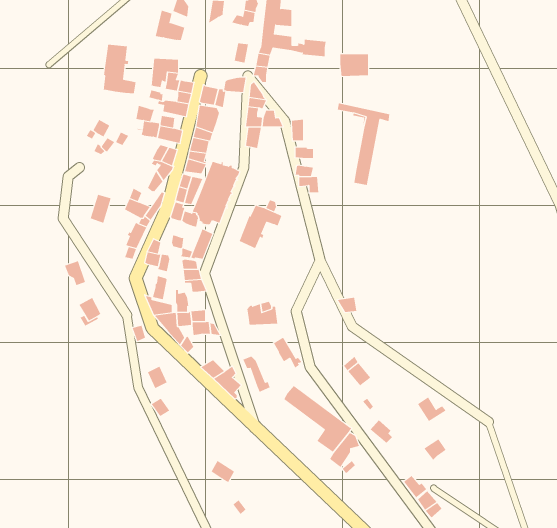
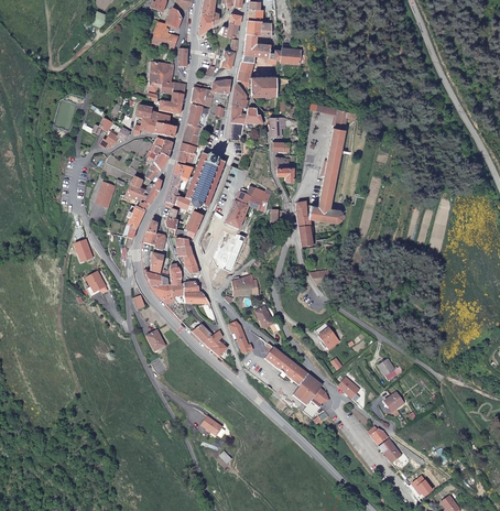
building: [103,44,136,94] -> none
building: [340,54,369,77] -> [251,76,276,96]
building: none -> [295,172,344,247]

